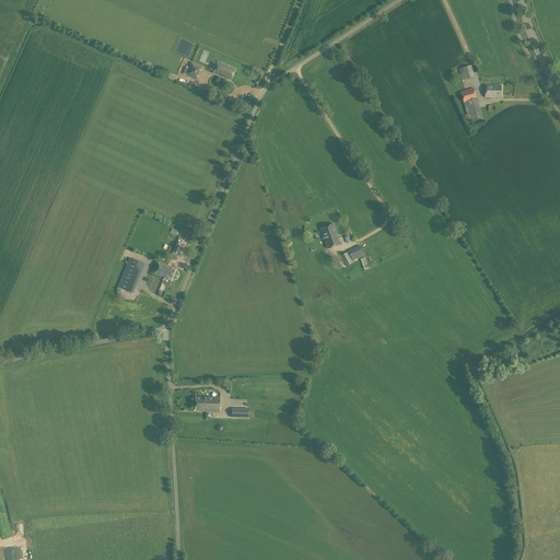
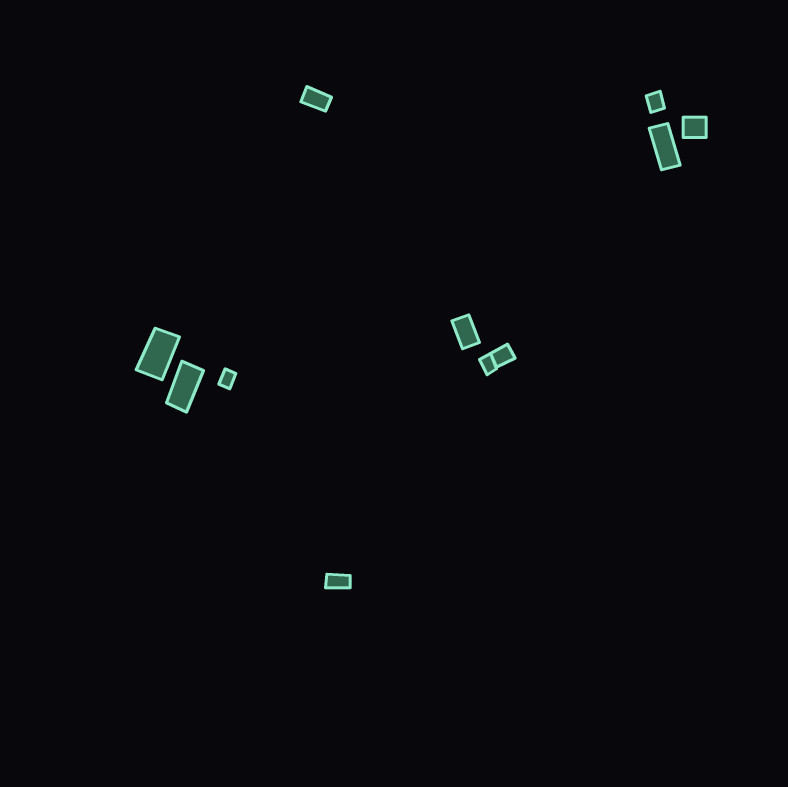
building: none -> [136,328,180,380]

